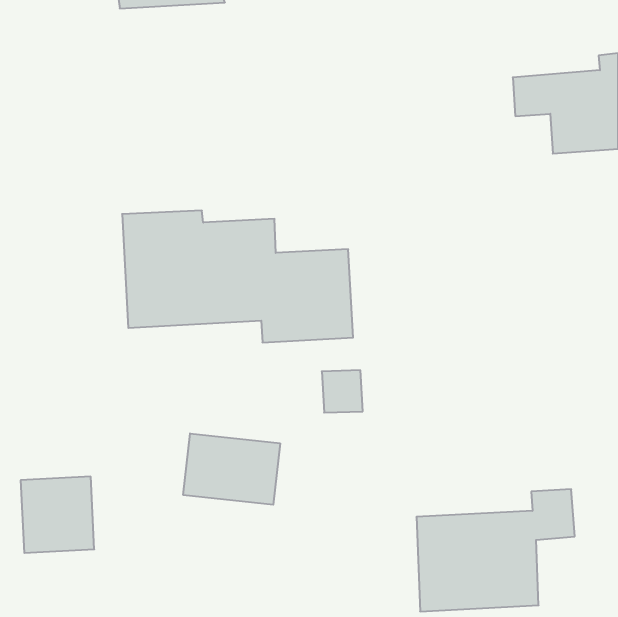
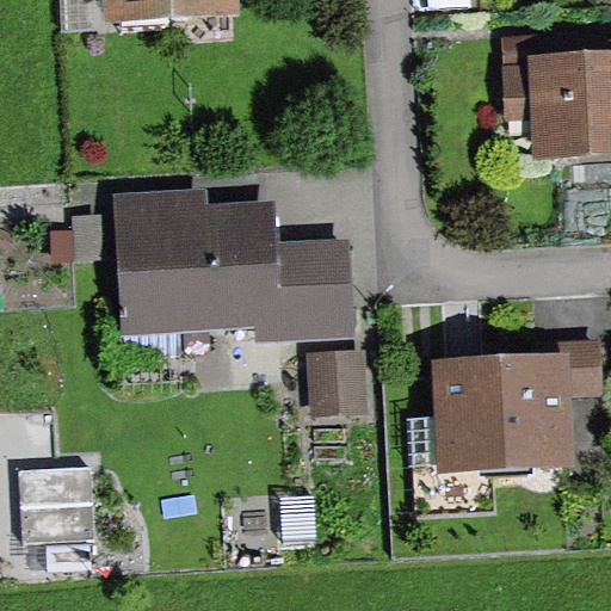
building: [183,433,280,505] -> none
building: [416,489,575,611] -> [443,346,599,467]

